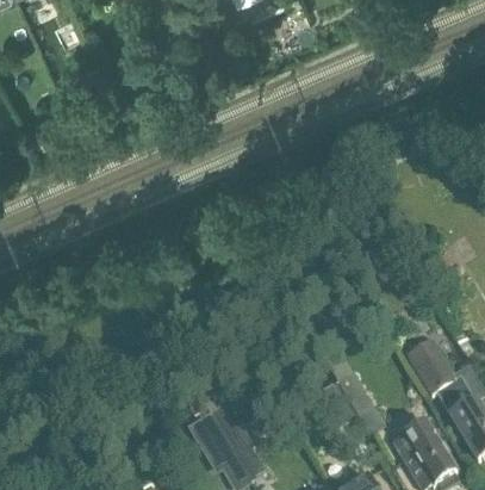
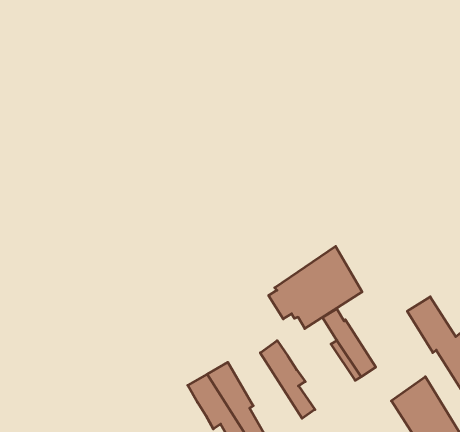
building: none -> [269,246,362,329]
building: none -> [260,341,315,418]

